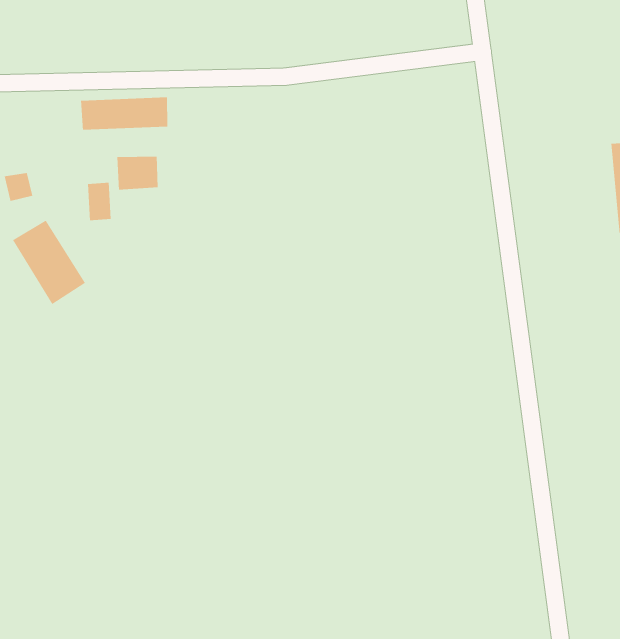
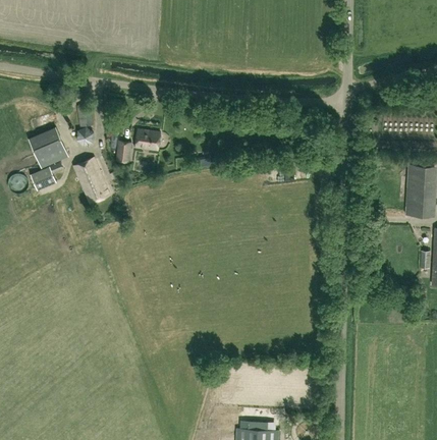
building: [80,97,168,130] -> none

